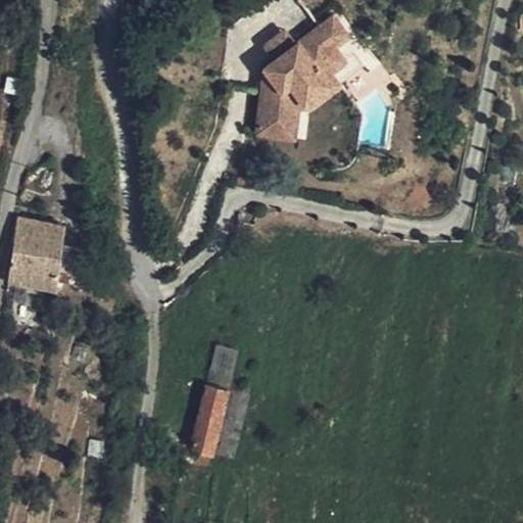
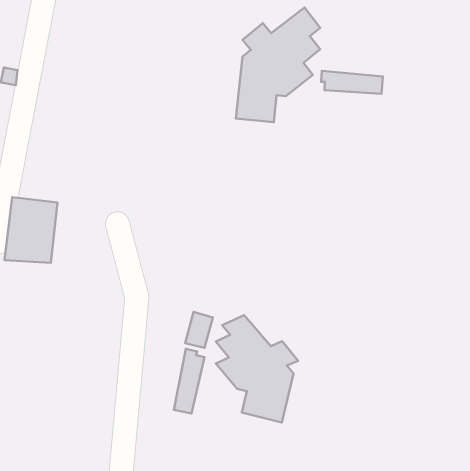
building: none -> [321,71,383,94]
building: none -> [216,315,298,423]

